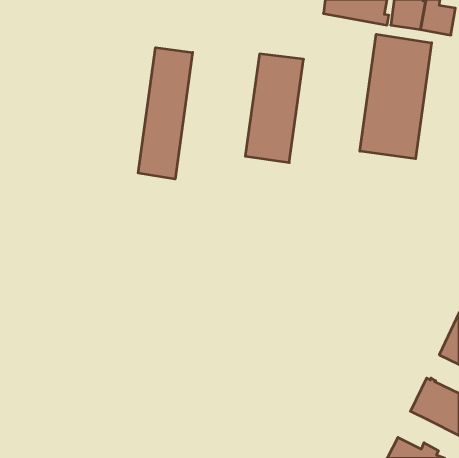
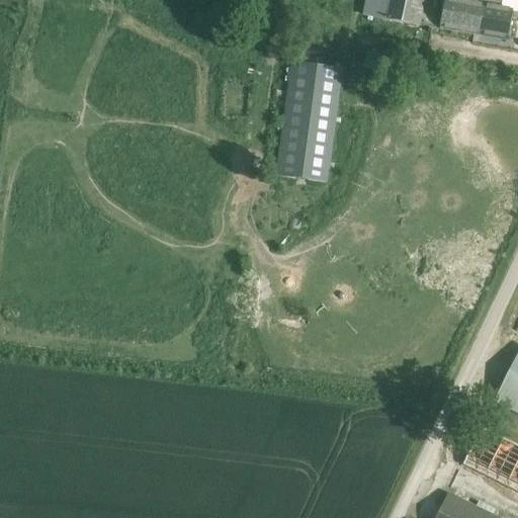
building: [360,34,432,159] -> none
building: [138,48,193,179] -> none

